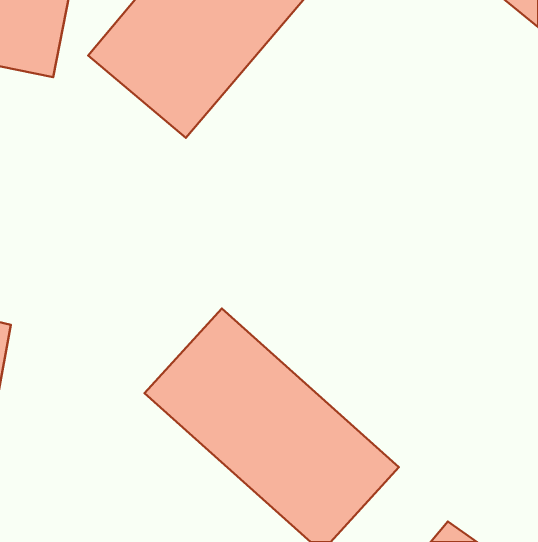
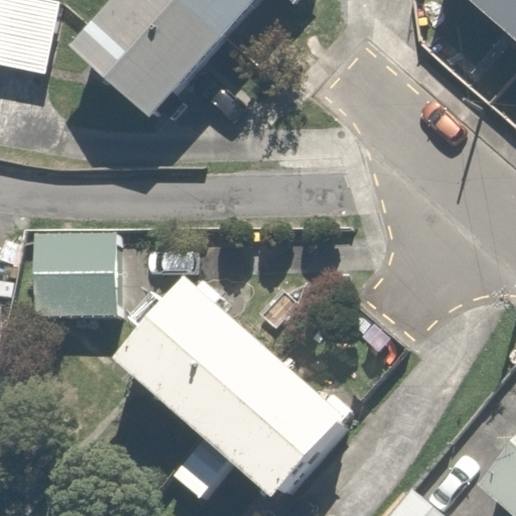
building: none -> [31,232,123,319]

